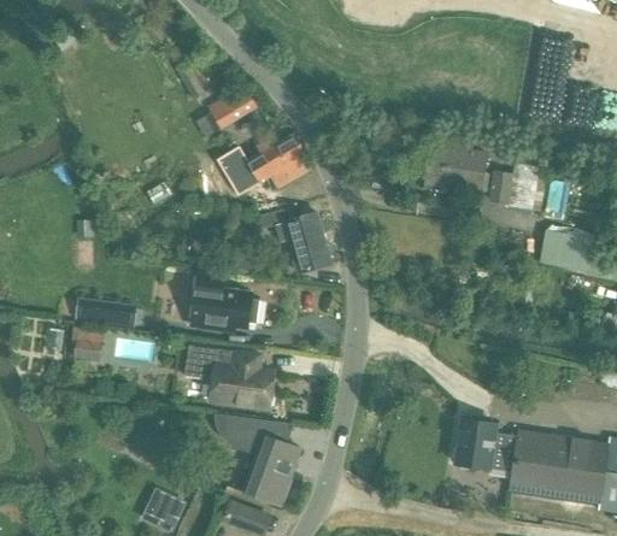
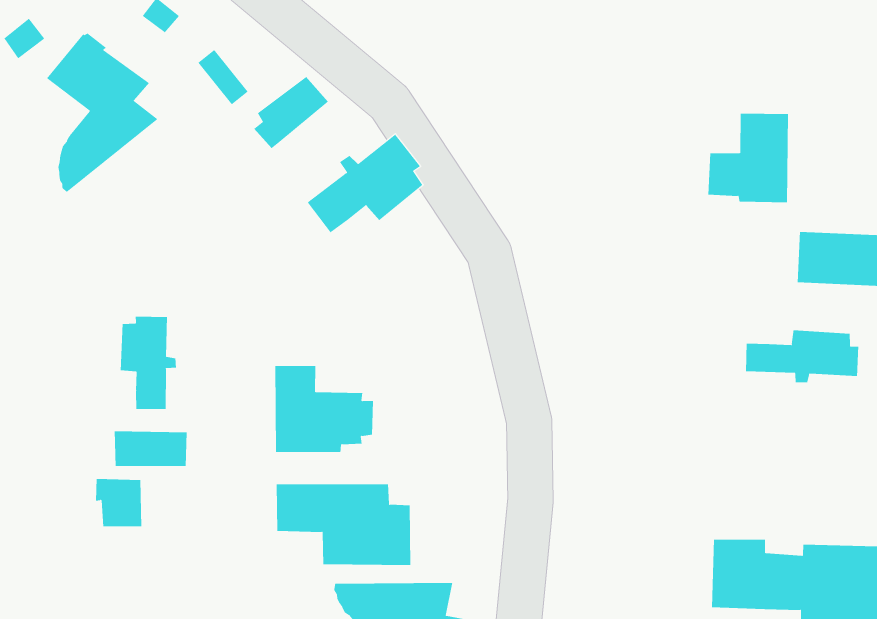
building: none -> [46,33,158,193]
building: [425,145,486,192] -> none
building: [274,212,330,273] -> none
building: none -> [120,316,176,410]
building: none -> [745,330,859,383]

